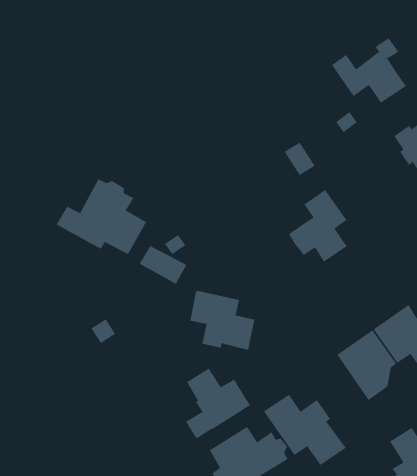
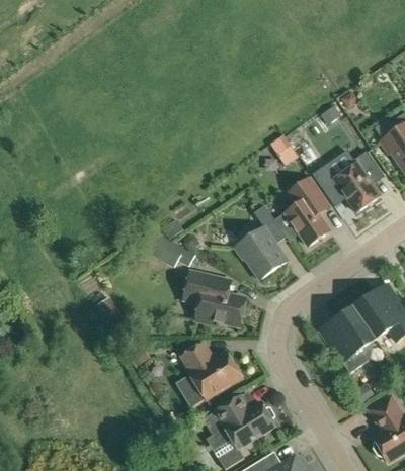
building: [331,38,407,104] -> [312,151,382,211]
building: [56,178,147,255] -> none
building: none -> [236,204,288,277]
building: [263,394,346,466] -> none

